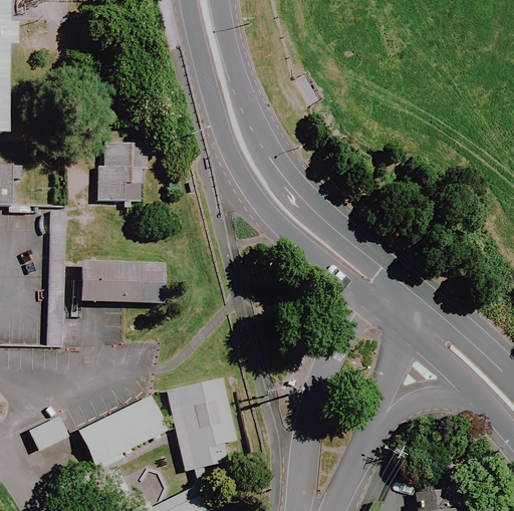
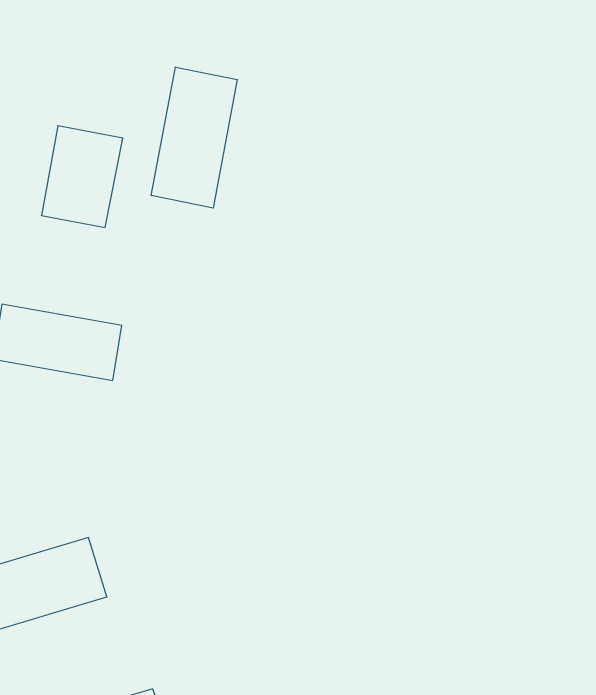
building: none -> [151,67,237,208]
building: [169,384,239,477] -> none

